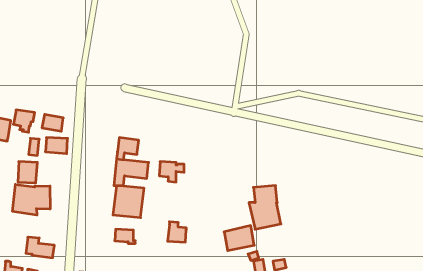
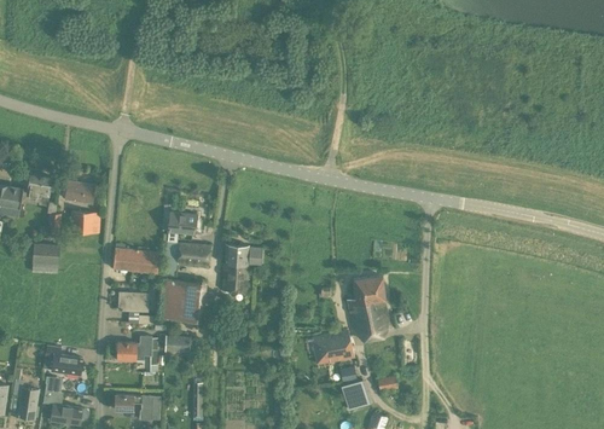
building: none -> [112,248,159,272]
building: [13,184,50,215] -> none
building: none -> [118,292,149,312]
building: [168,222,186,242] -> [221,263,246,291]
building: none -> [116,336,151,360]

